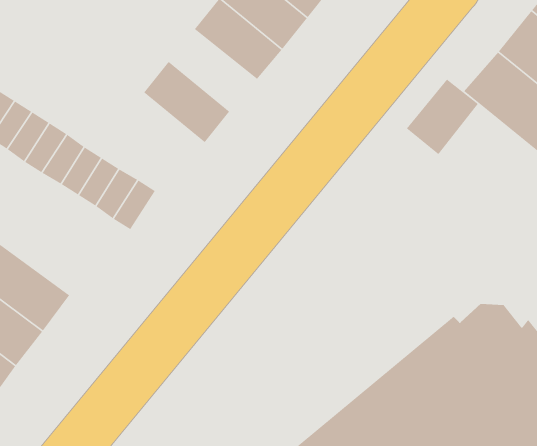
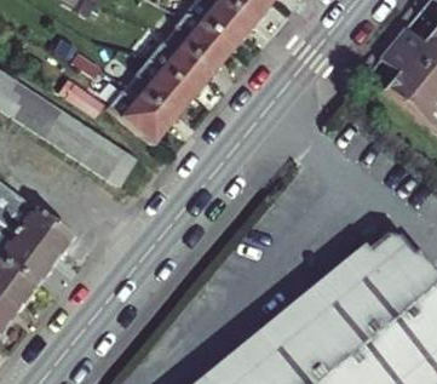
building: none -> [144,28,212,91]
building: [406,79,479,155] -> none
building: none -> [105,76,172,139]

